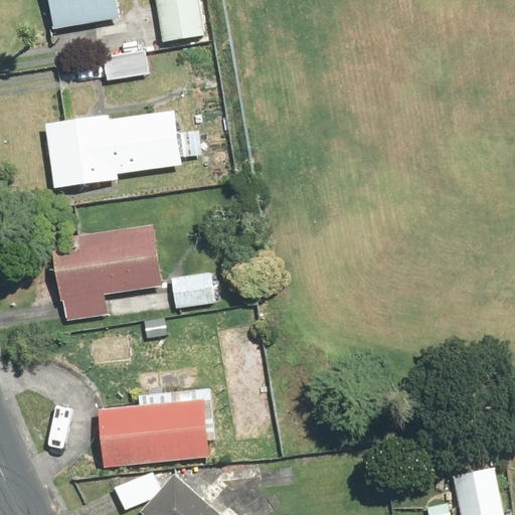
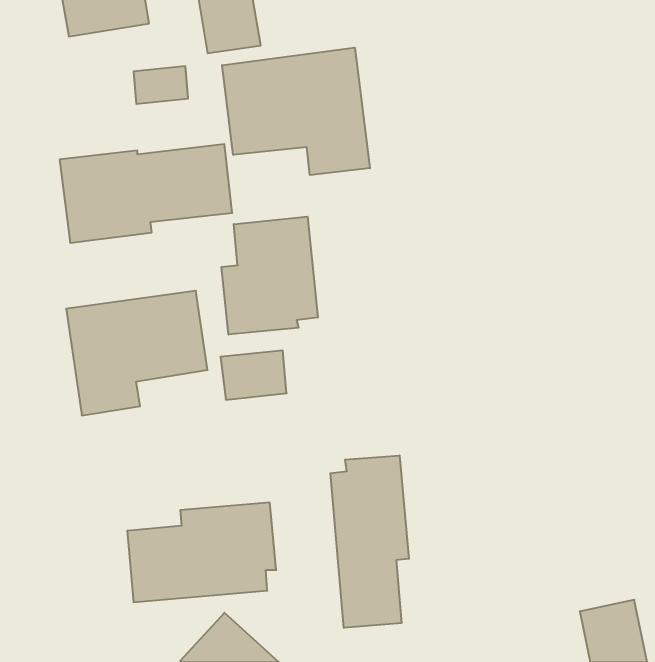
building: none -> [222,48,370,175]
building: none -> [221,217,318,335]
building: none -> [330,455,409,628]

